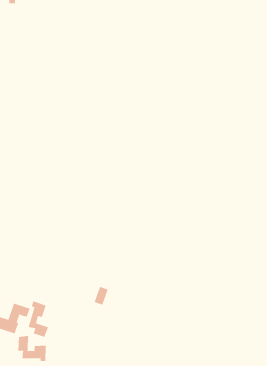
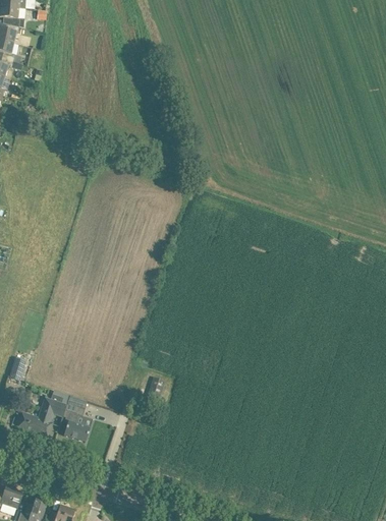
building: [18,335,46,362] -> none

